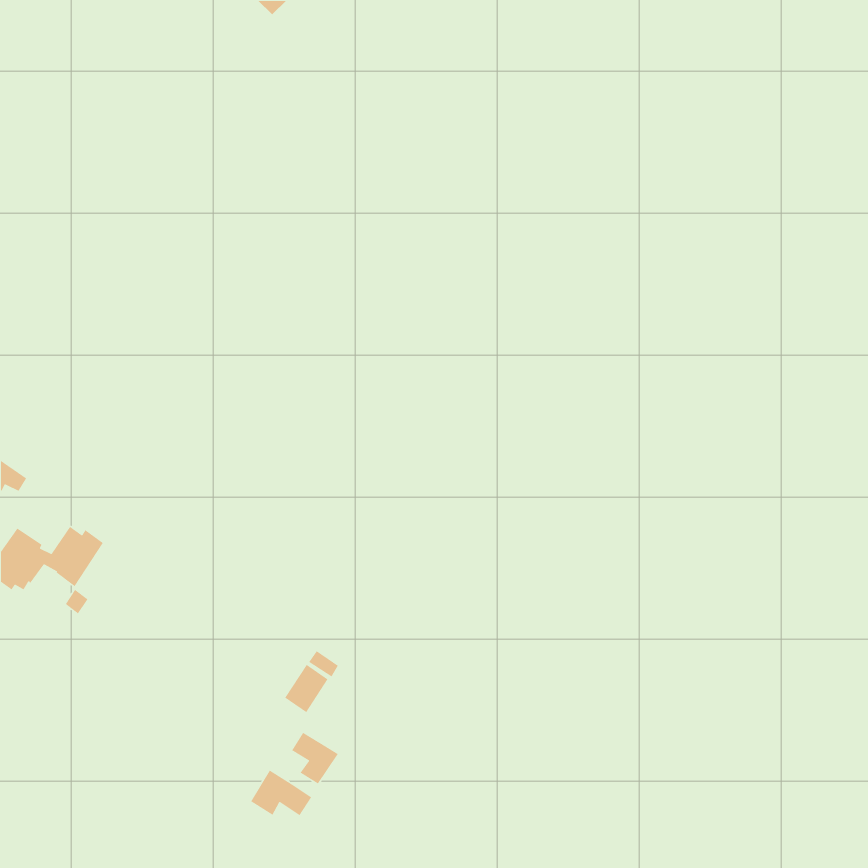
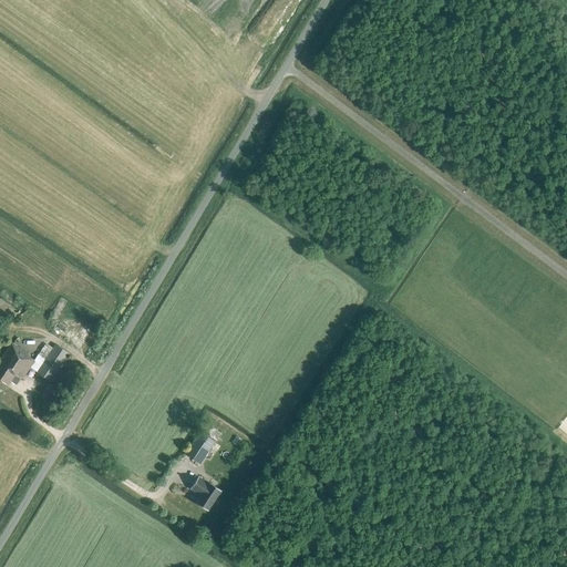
building: [250,769,312,816] -> none

